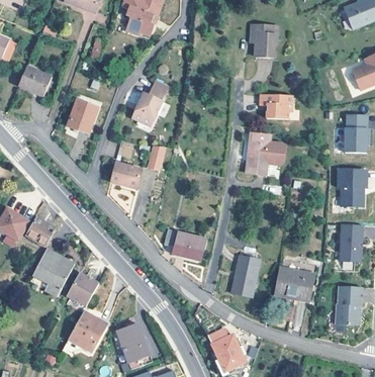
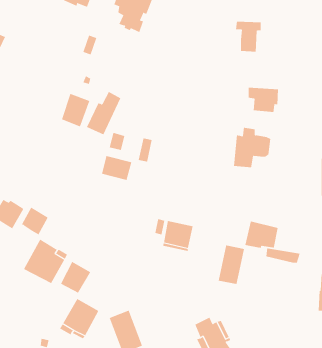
building: [19,64,53,95] -> none
building: [131,80,168,125] -> [86,91,121,135]
building: [274,268,309,297] -> [244,221,278,249]

